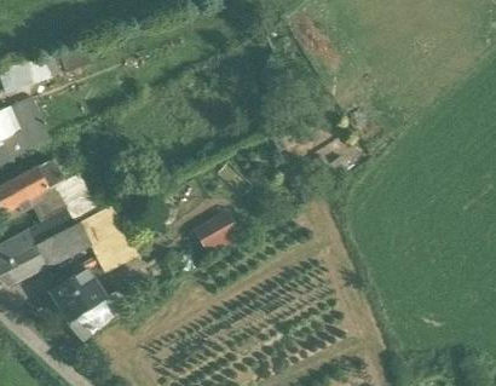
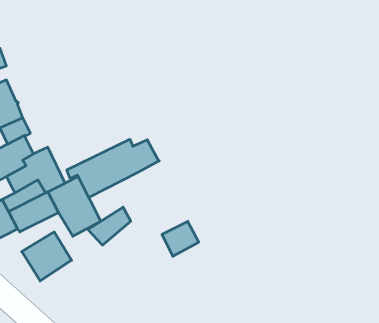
building: none -> [67,139,159,198]
building: [197,213,238,252] -> [162,221,199,256]
building: [65,299,114,341] -> [87,207,131,245]

